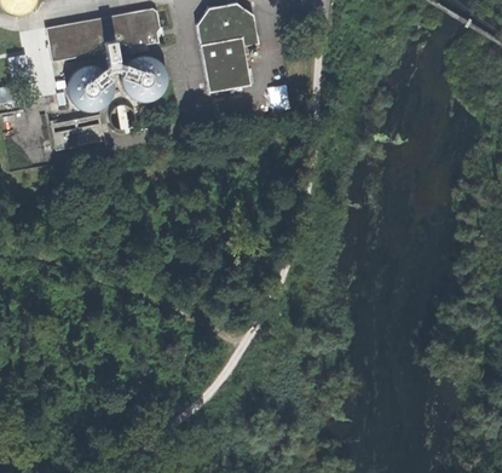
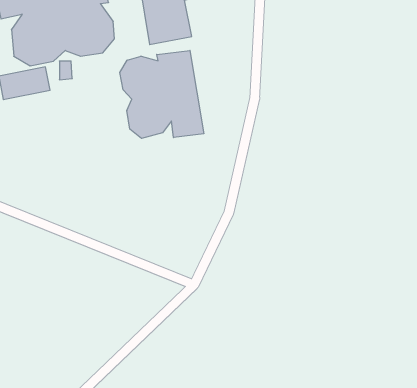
building: none -> [120,50,204,138]

